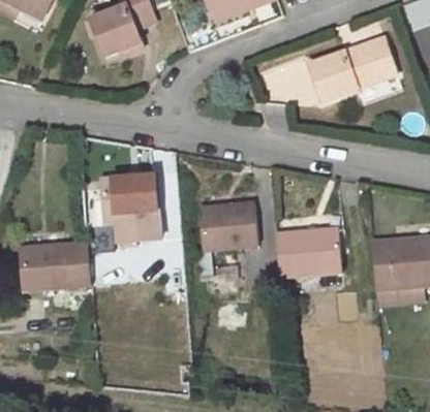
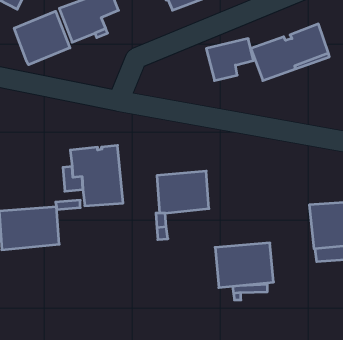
building: none -> [14,11,70,65]
building: [276,226,342,277] -> [215,243,274,288]

